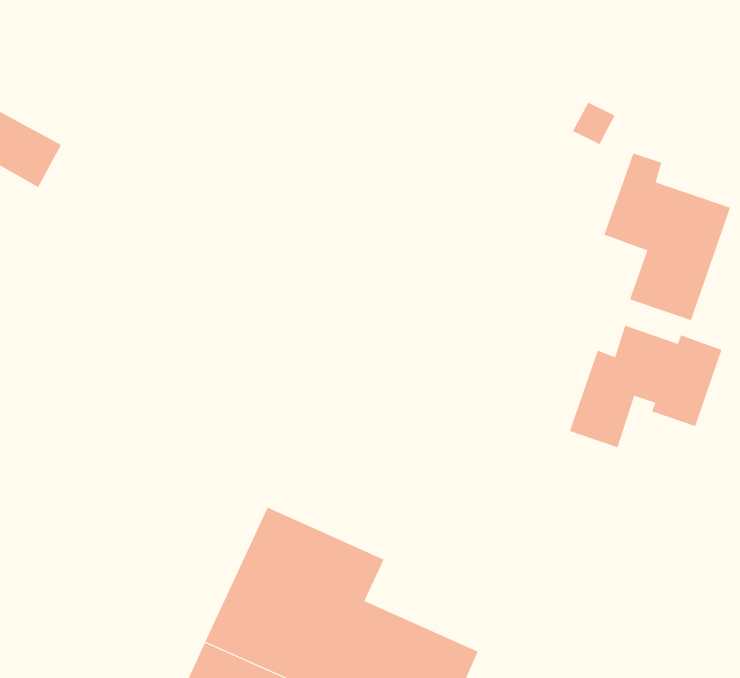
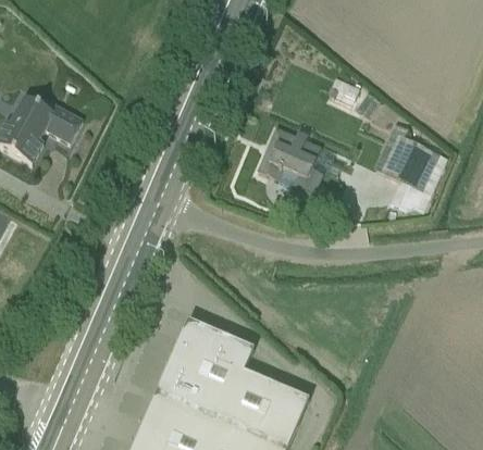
building: none -> [251,127,326,195]
building: [569,325,722,448] -> none

